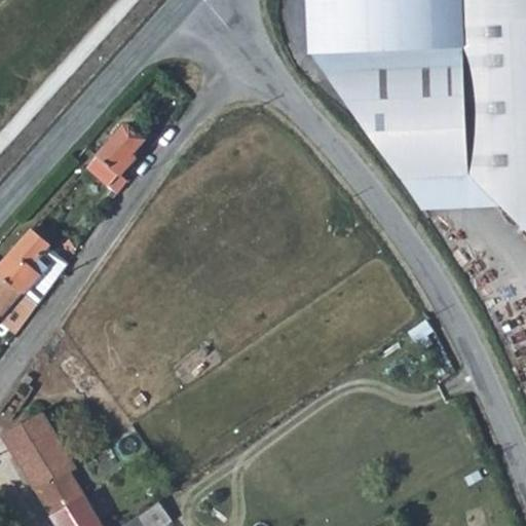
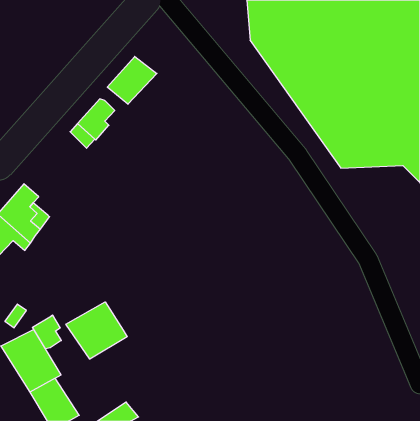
building: none -> [107,56,157,104]
building: none -> [66,302,127,359]
building: none -> [32,315,61,349]

